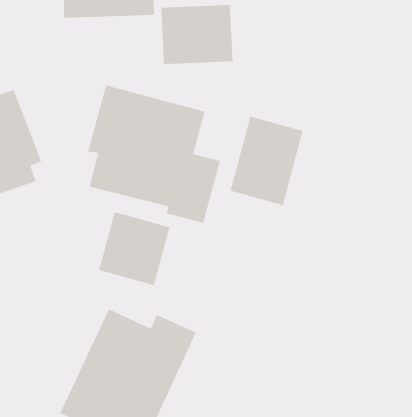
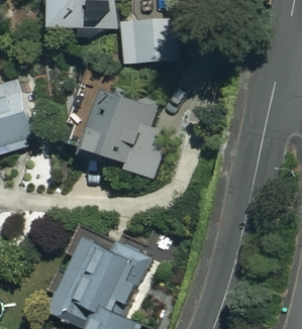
building: [229,115,304,206] -> none
building: [98,211,170,286] -> none

